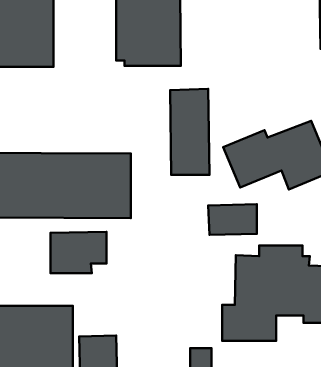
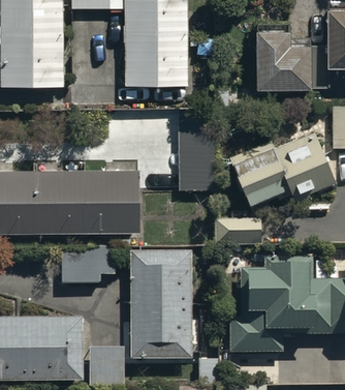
building: none -> [252,24,308,82]
building: none -> [130,251,192,360]

